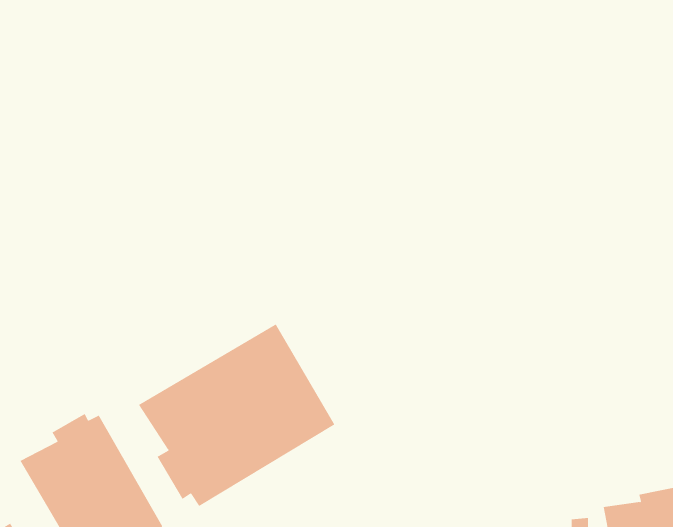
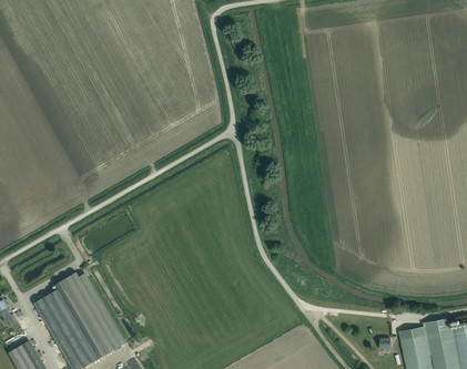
building: [138,324,335,507] -> none

